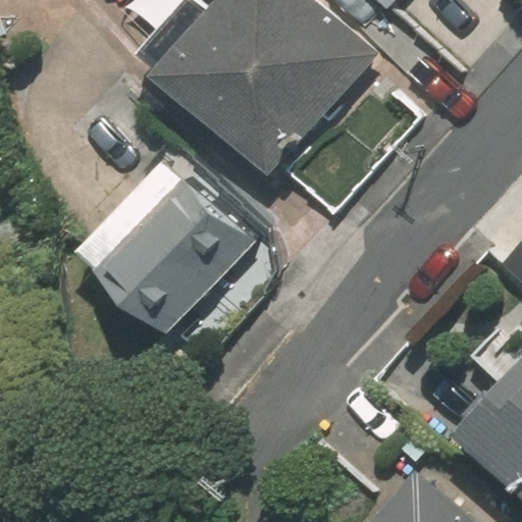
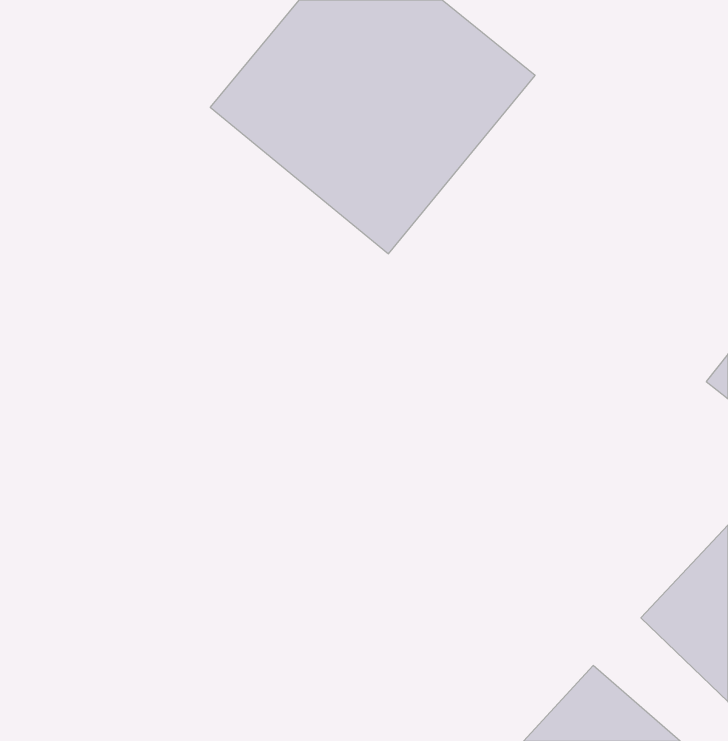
building: [83,164,252,332] -> none

